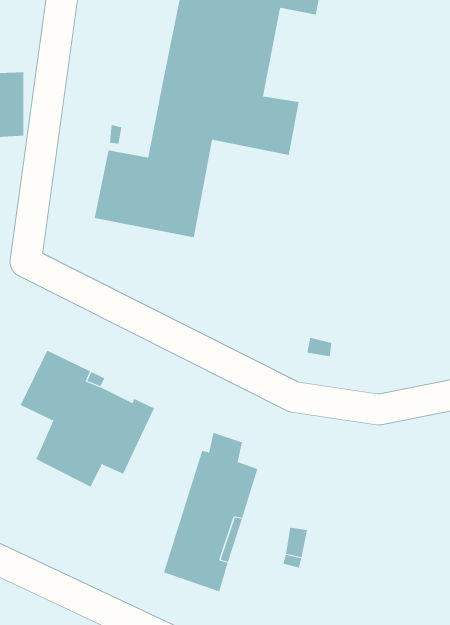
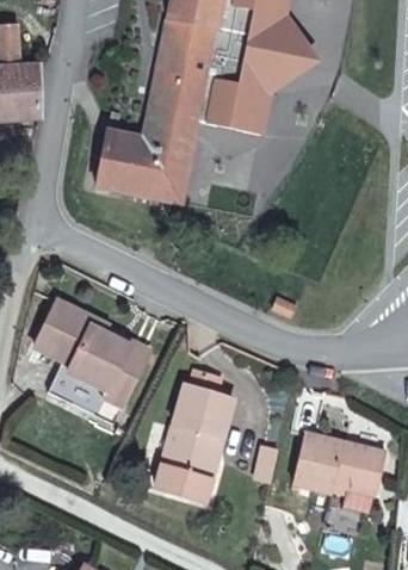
building: none -> [240,10,314,88]
building: none -> [291,433,387,522]

